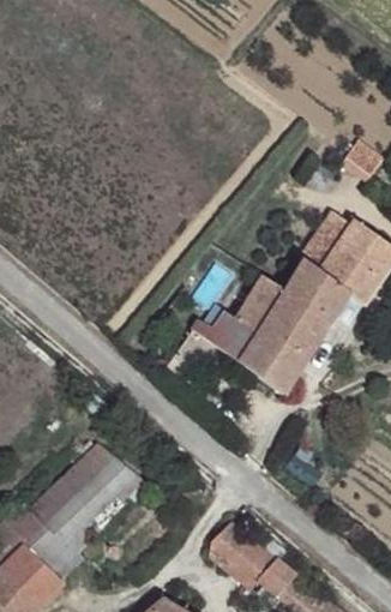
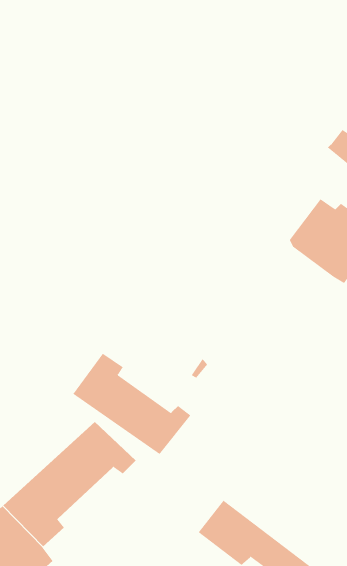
building: [174,264,348,394] -> none
building: none -> [72,353,191,455]

